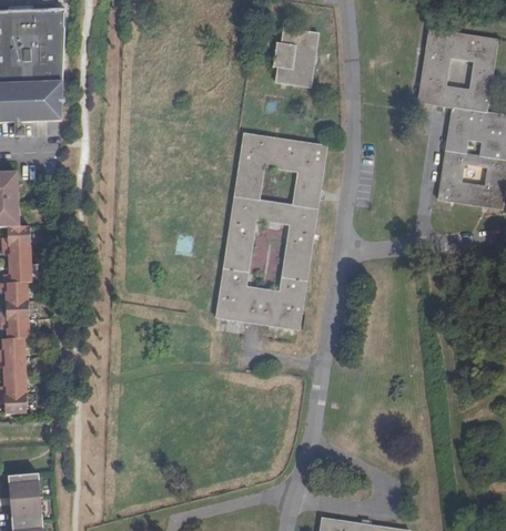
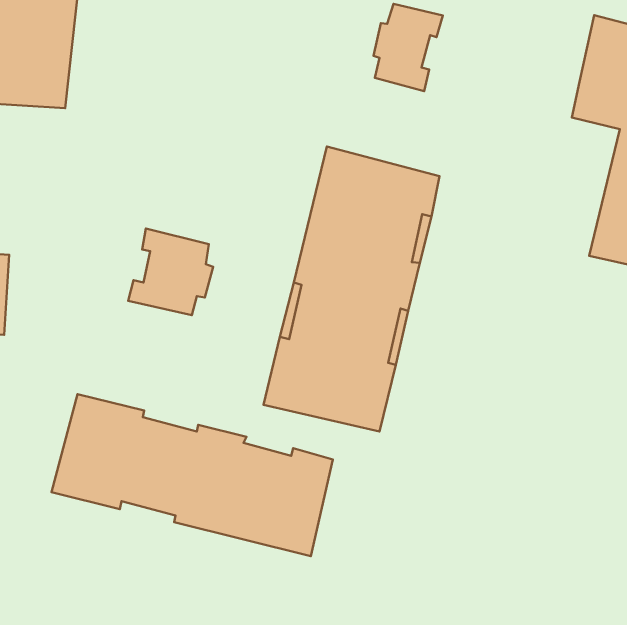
building: none -> [128,228,213,315]
building: none -> [51,394,333,556]

